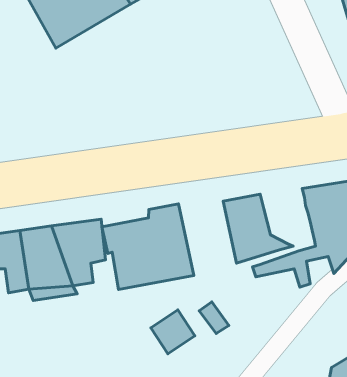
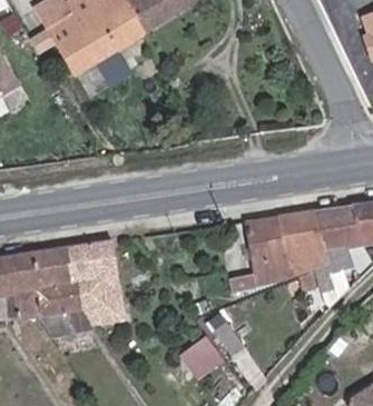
building: none -> [275,210,328,267]
building: [102,204,194,290] -> none

